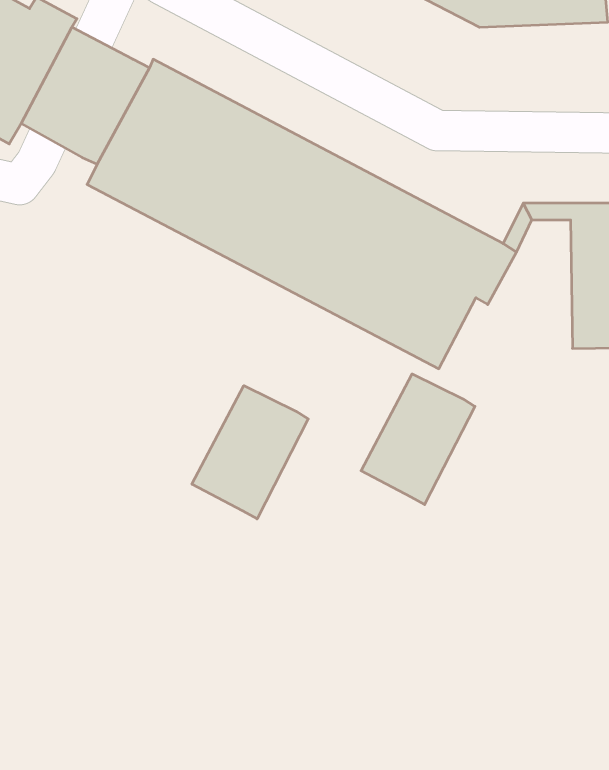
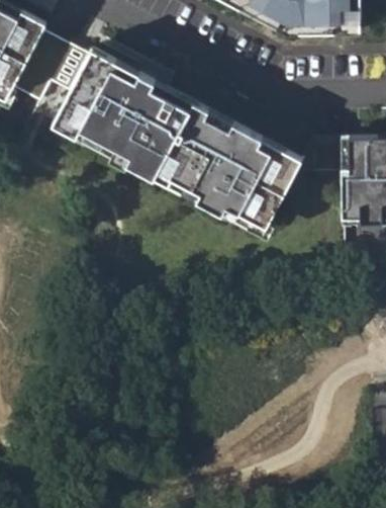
building: [361,374,475,505] -> none
building: [192,386,308,519] -> none

